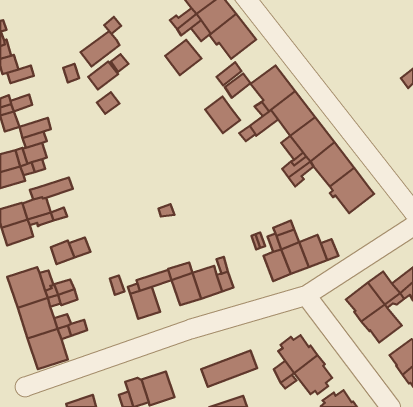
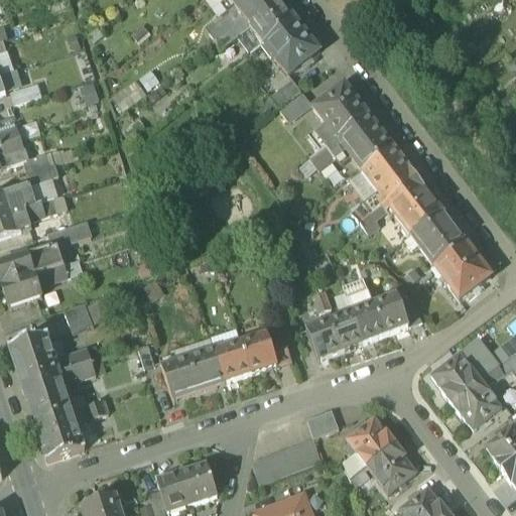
building: [81,31,119,67] -> none
building: [165,40,202,75] -> none
building: [205,96,240,133] -> none
building: none -> [431,242,491,297]
building: none -> [305,319,341,360]
building: none -> [189,350,225,389]
building: none -> [306,409,338,437]

